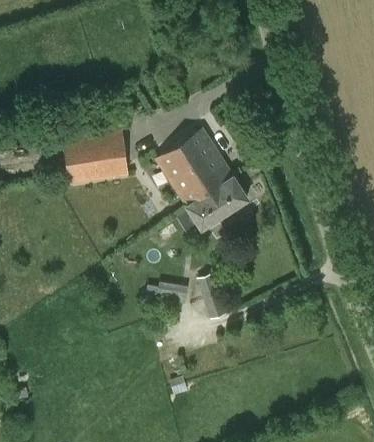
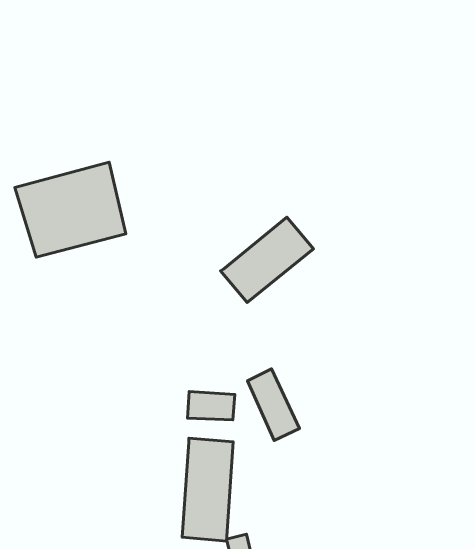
building: [156,129,232,205] -> none
building: none -> [182,438,233,541]

